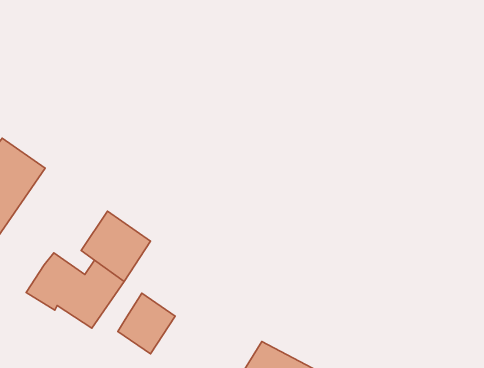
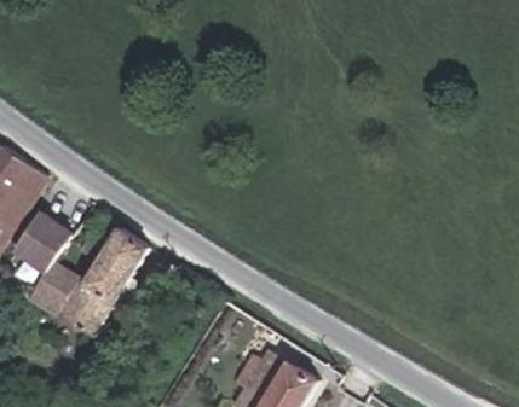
building: none -> [13,213,71,272]
building: [118,293,175,354] -> none

